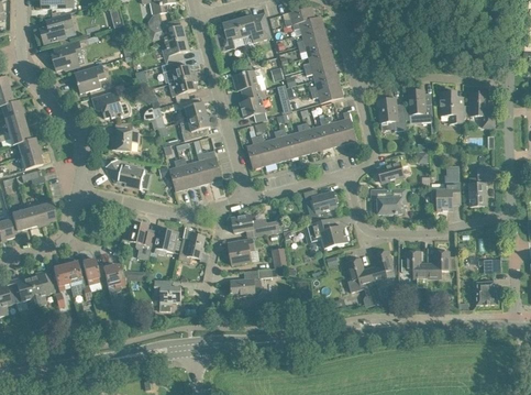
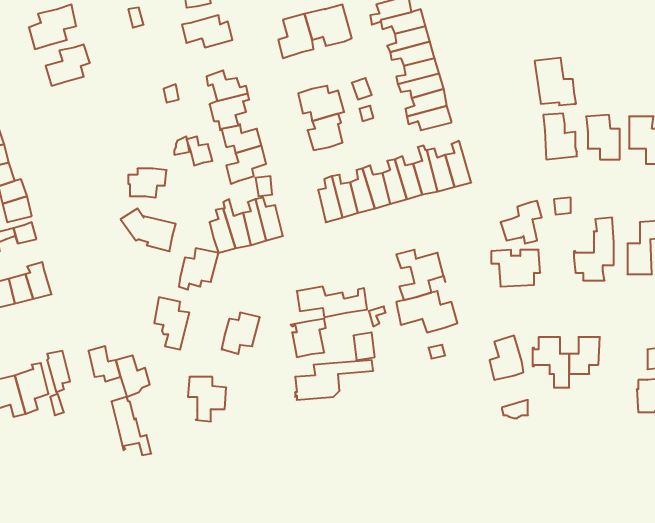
building: [162,37,188,64] -> none
building: [74,64,106,94] -> none
building: [90,89,129,118] -> none
building: [376,97,406,131] -> [535,58,576,105]
building: [150,228,178,257] -> [179,248,219,290]
building: [63,257,91,299] -> [111,397,151,455]
building: [345,257,373,290] -> none

